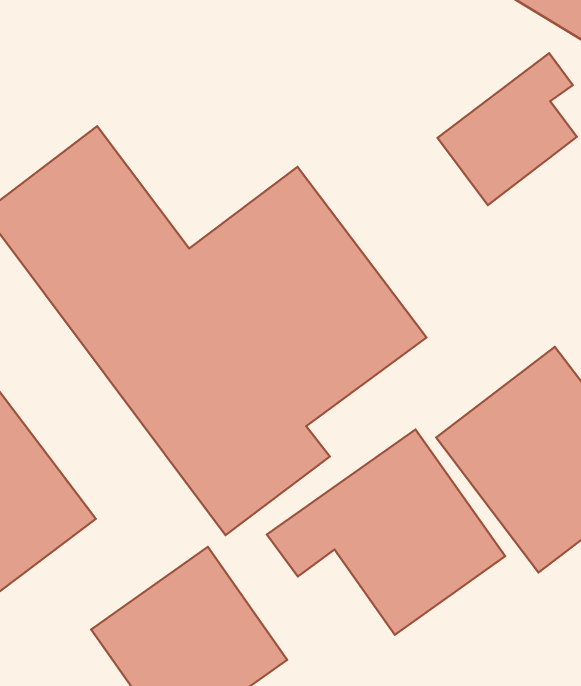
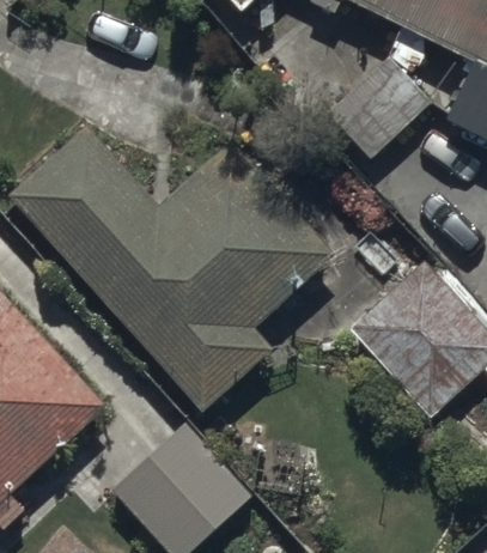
building: [267,429,505,635] -> none

